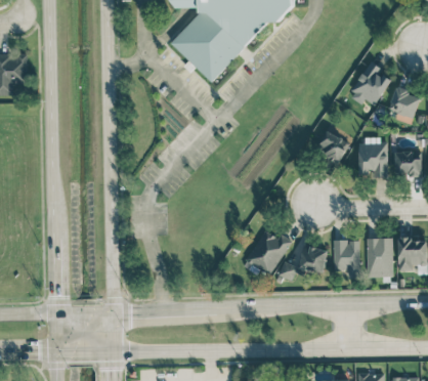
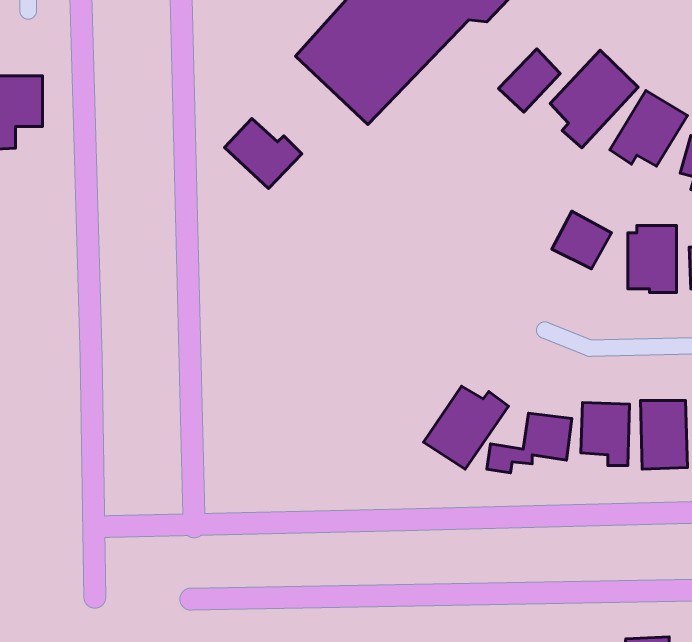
building: none -> [498,49,560,112]
building: none -> [550,50,638,148]
building: none -> [225,118,302,188]

